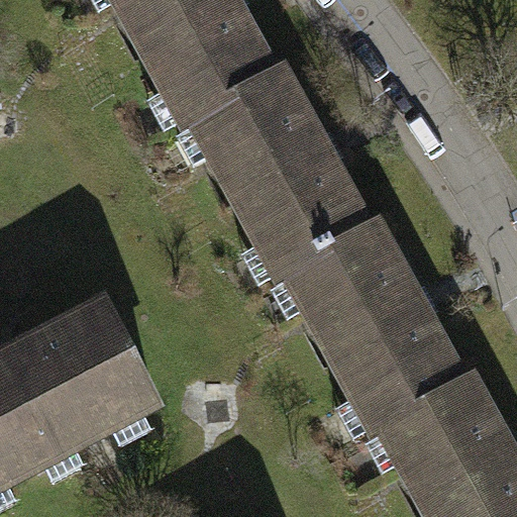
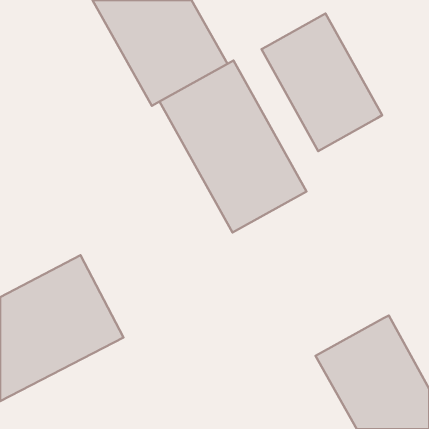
building: none -> [261,13,382,151]
building: [287,227,461,432] -> none

